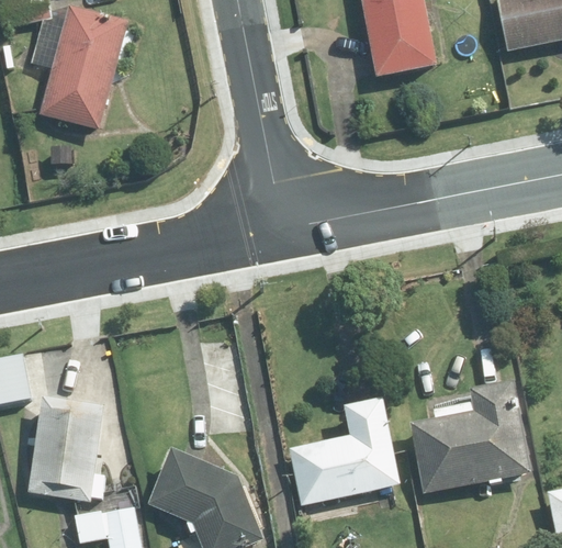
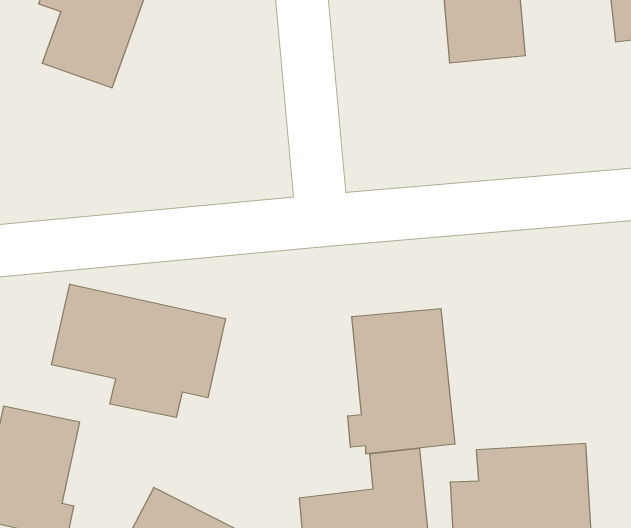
building: none -> [348,309,455,454]
building: none -> [51,284,225,417]

